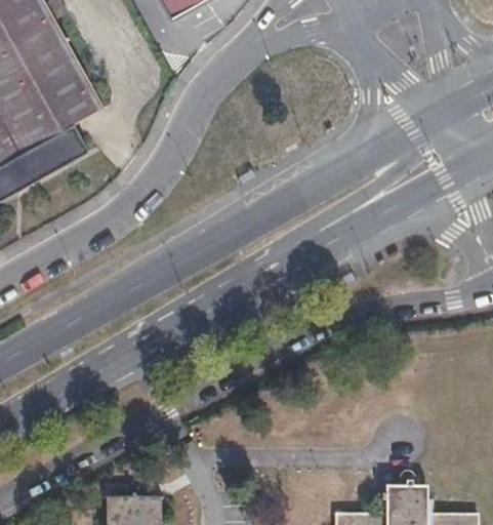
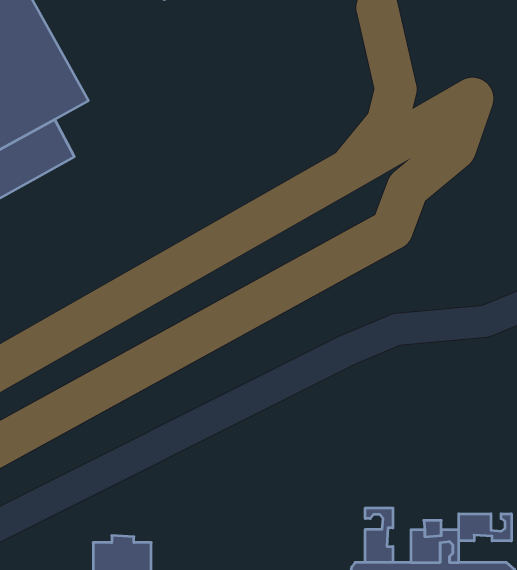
building: none -> [365,508,393,562]
building: none -> [459,514,511,541]

